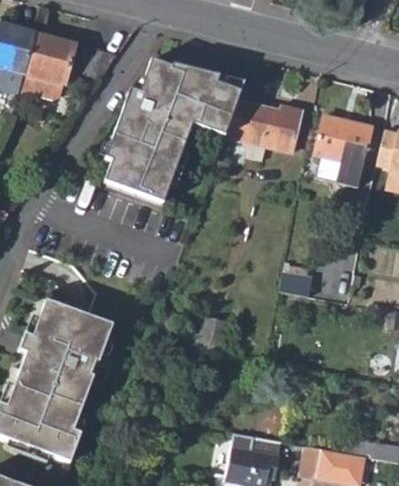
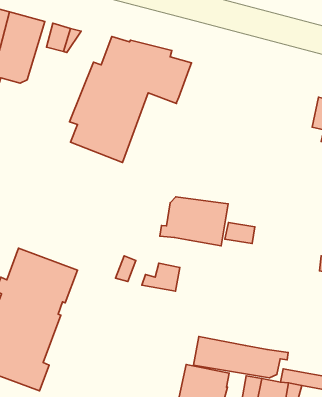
building: [225,98,302,159] -> none
building: [314,115,372,187] -> none
building: none -> [160,197,228,246]
building: none -> [193,337,288,378]

